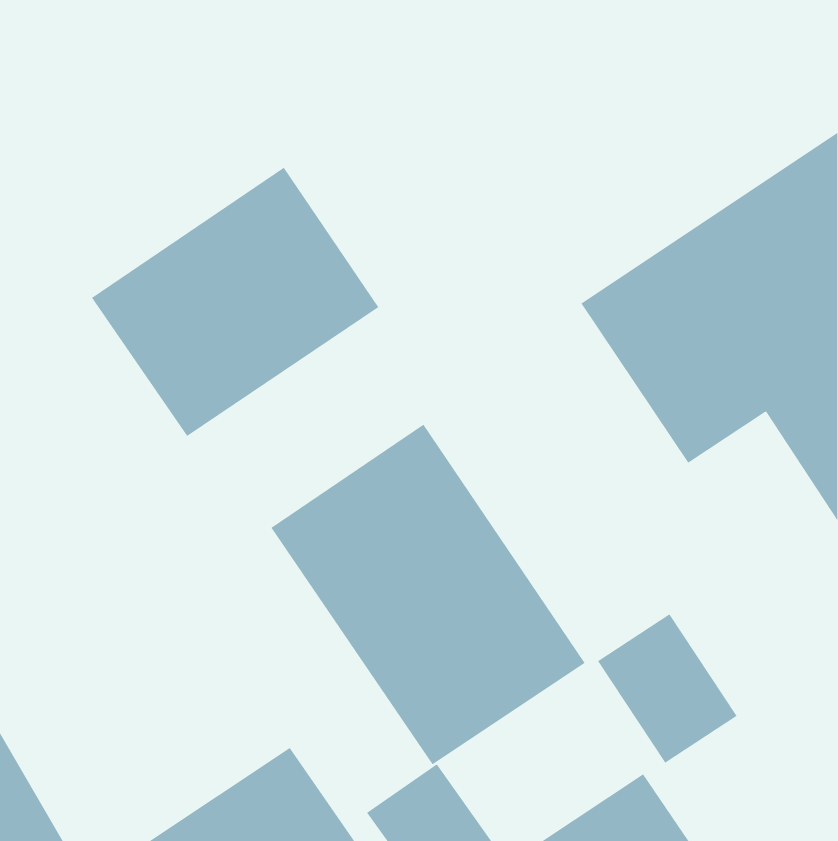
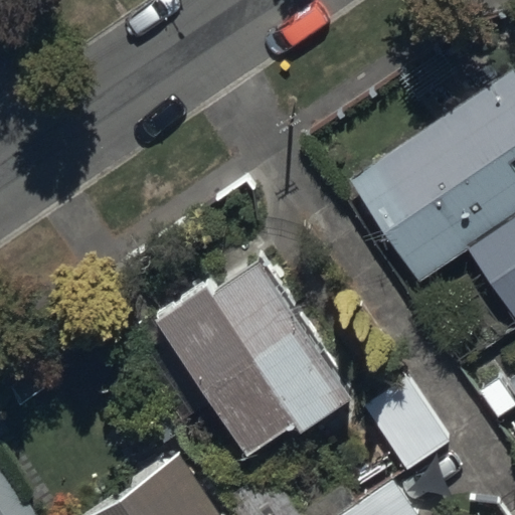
building: [91,167,379,437] -> none

